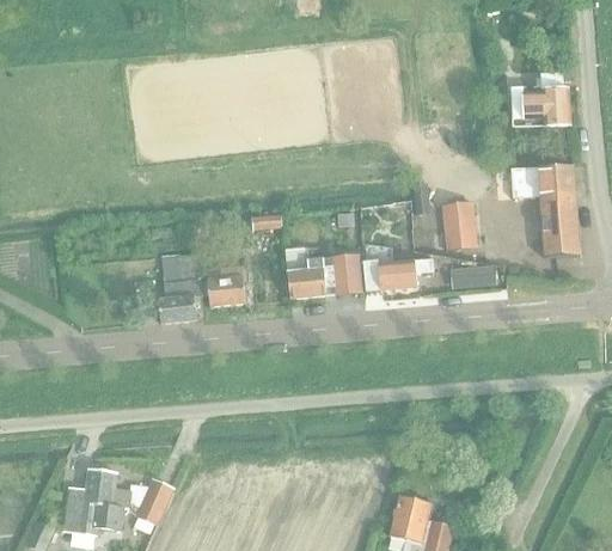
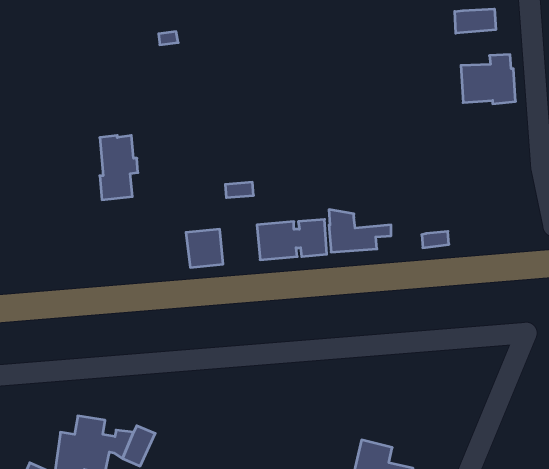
building: none -> [455,9,496,33]
building: [510,165,577,258] -> none
building: [442,201,477,251] -> none
building: [161,253,203,324] -> [100,135,138,200]

